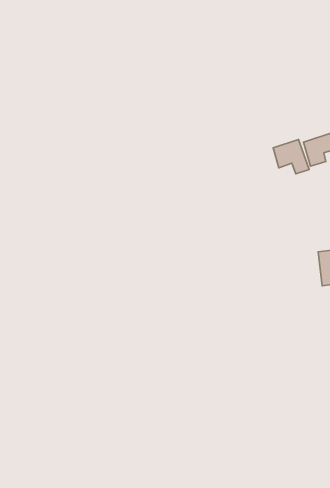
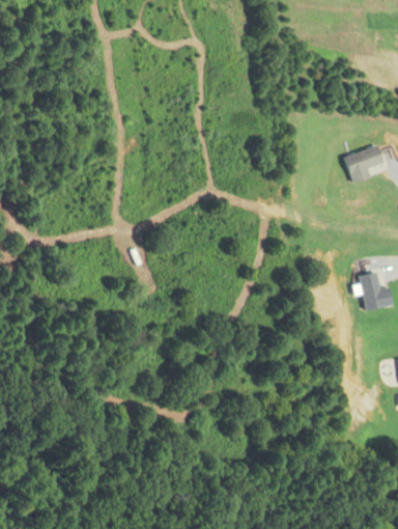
building: [273,139,309,174] -> none

